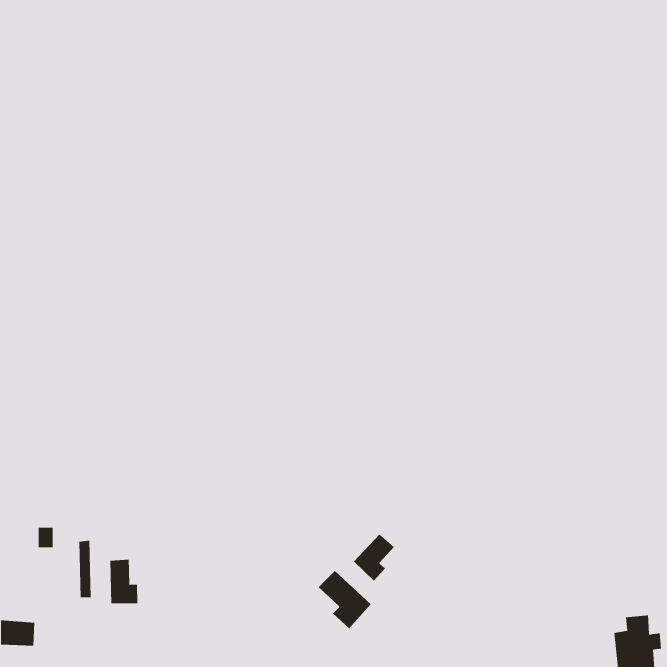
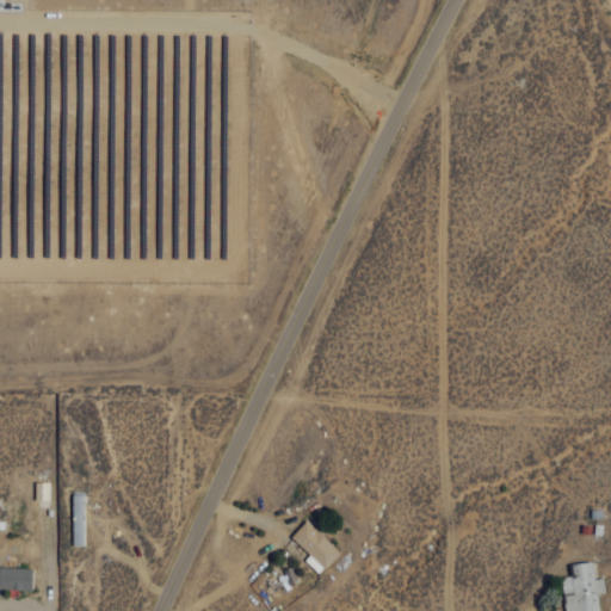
building: [353,533,395,581] -> none
building: [110,559,138,604] -> none

